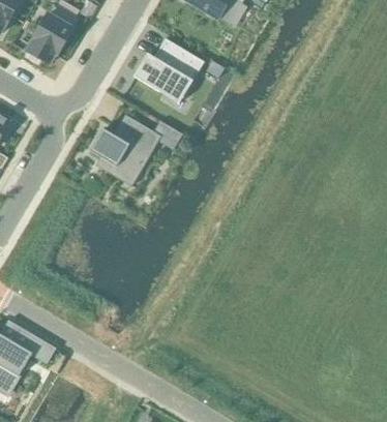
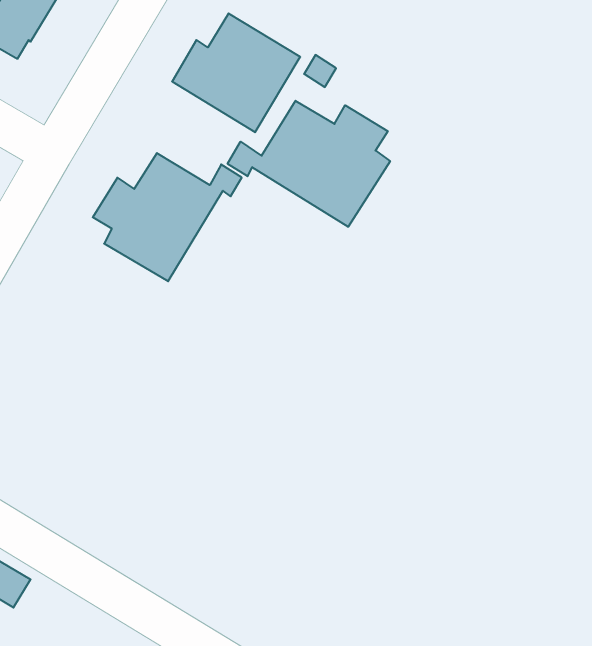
building: none -> [228,101,390,227]

